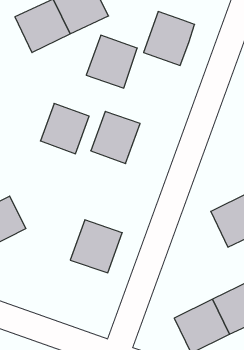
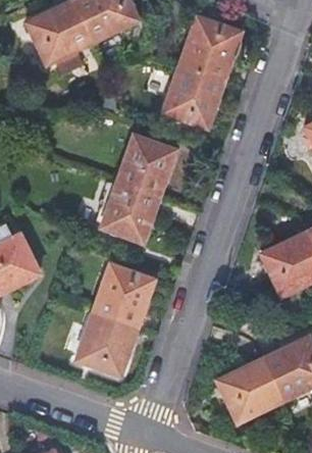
building: [86,35,137,88] -> [162,65,223,129]
building: [40,103,89,154] -> [100,183,158,243]
building: none -> [74,313,137,377]

